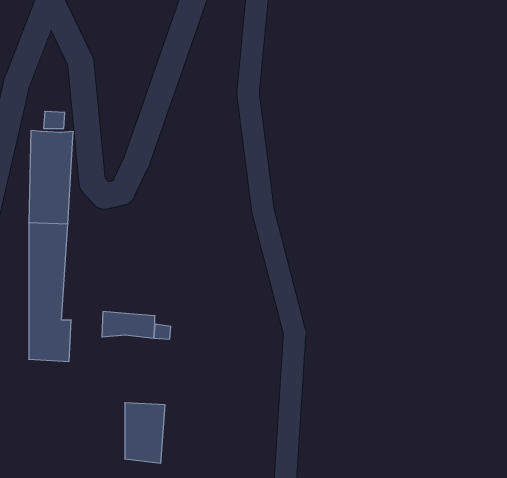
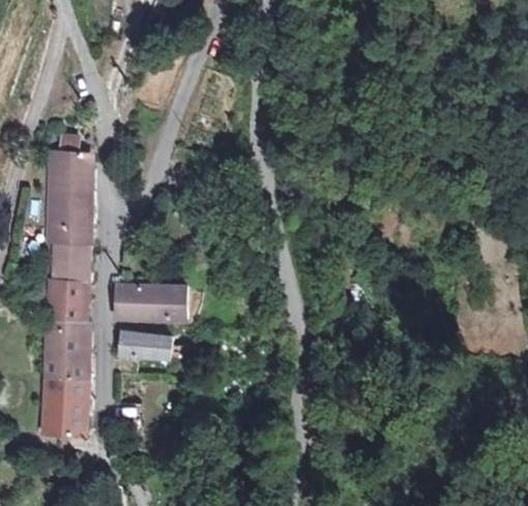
building: none -> [115,285,186,317]
building: [125,403,165,463] -> [49,379,88,438]

